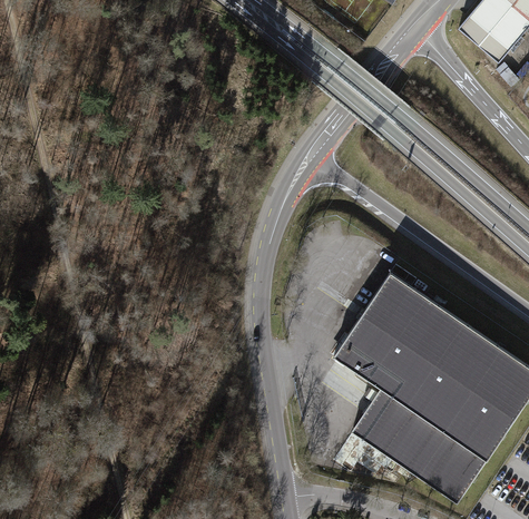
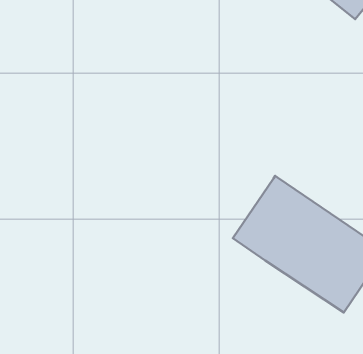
building: [331,386,484,498] -> none

